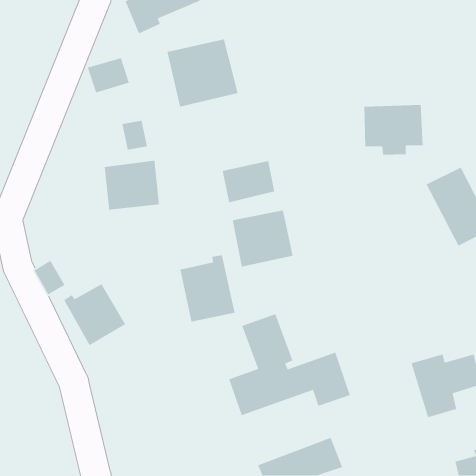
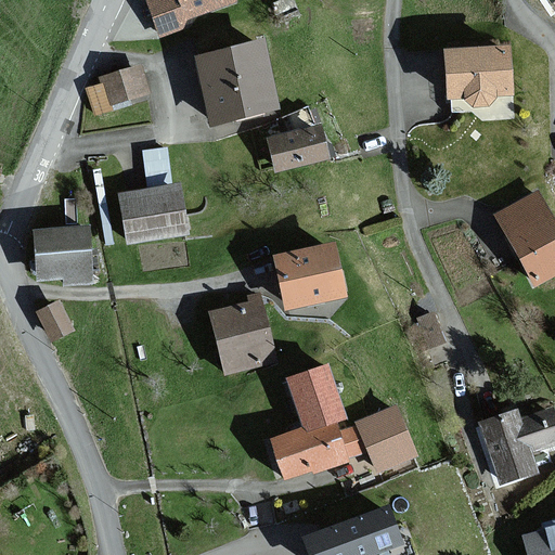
building: [364,104,423,156] -> [442,46,512,105]
building: [222,160,275,203] -> [267,124,328,173]
building: none -> [35,225,94,283]
building: [63,283,126,346] -> none

